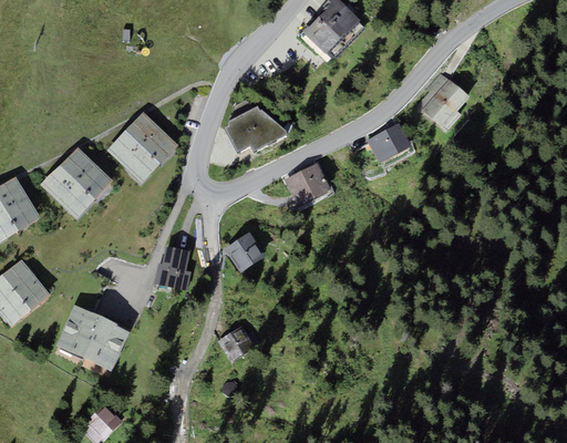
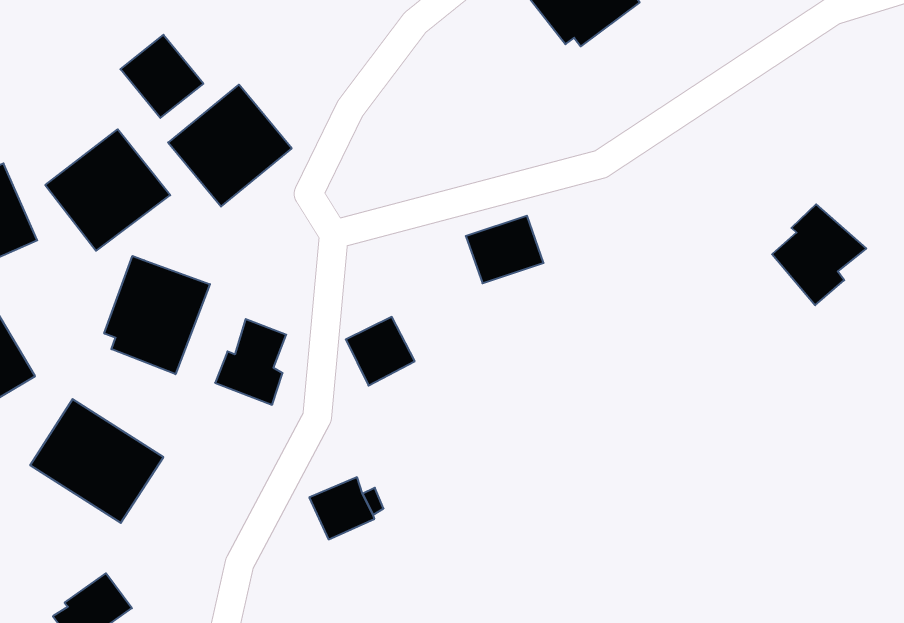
building: [417,73,471,131] -> [772,204,866,305]
building: none -> [120,35,203,118]
building: [225,105,288,151] -> none
building: [368,121,412,162] -> none
building: none -> [104,256,210,374]

